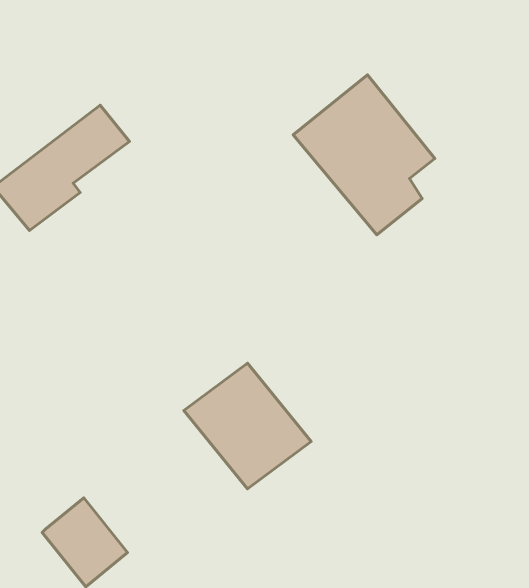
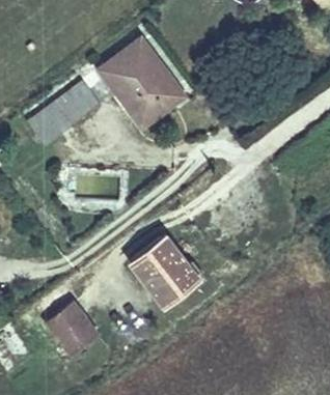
building: [293,75,435,235] -> [98,41,178,133]

